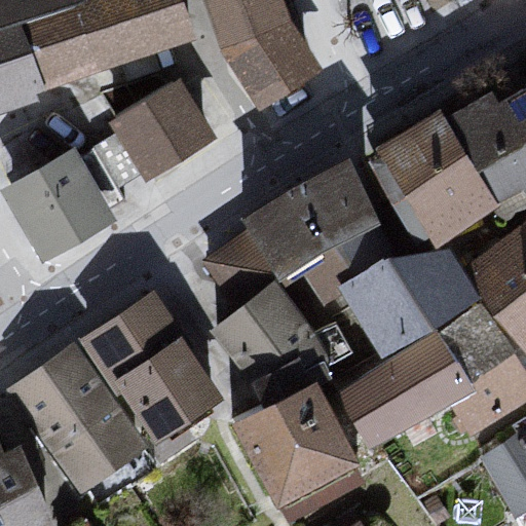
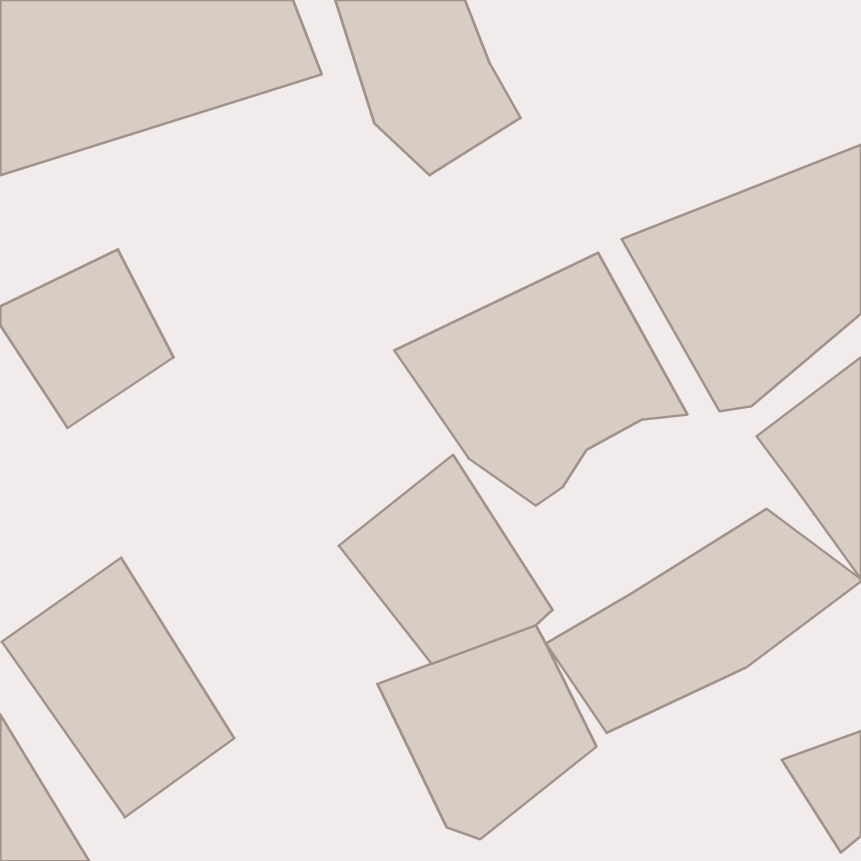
building: [103,82,213,182] -> none
building: [343,248,483,362] -> none
building: [74,293,222,449] -> none

